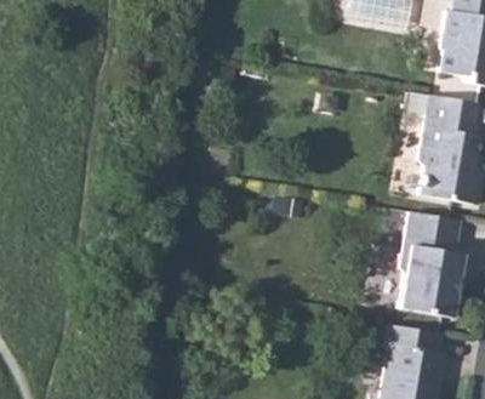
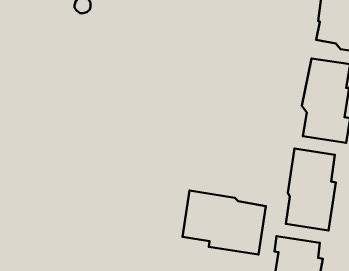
building: none -> [183,190,266,254]

